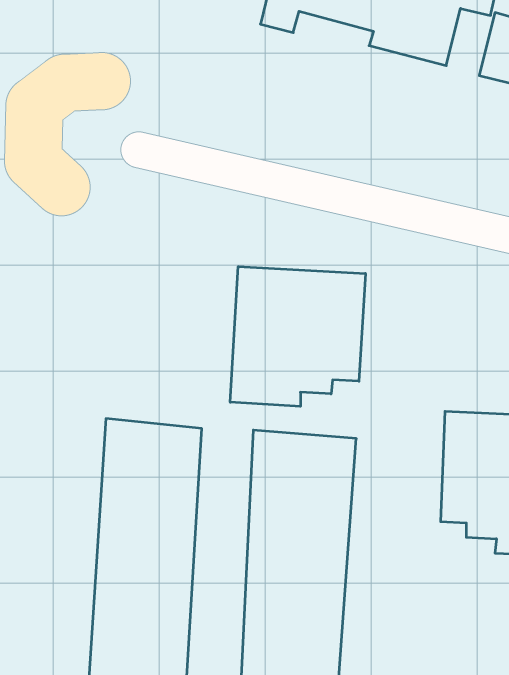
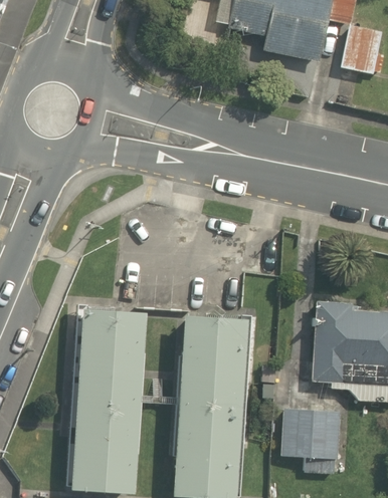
building: [230,267,365,406] -> none
building: none -> [283,406,339,473]

